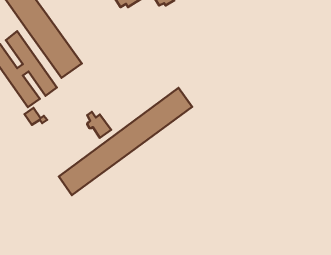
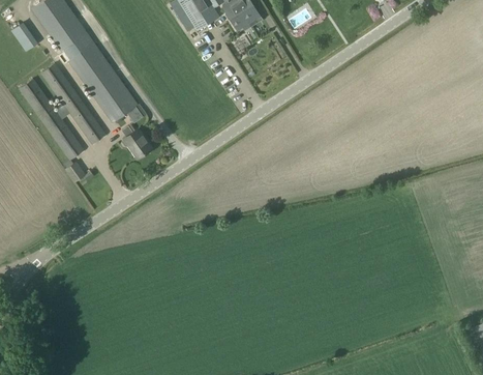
building: [59,88,192,195] -> none
building: [87,112,111,138] -> [122,125,153,158]

